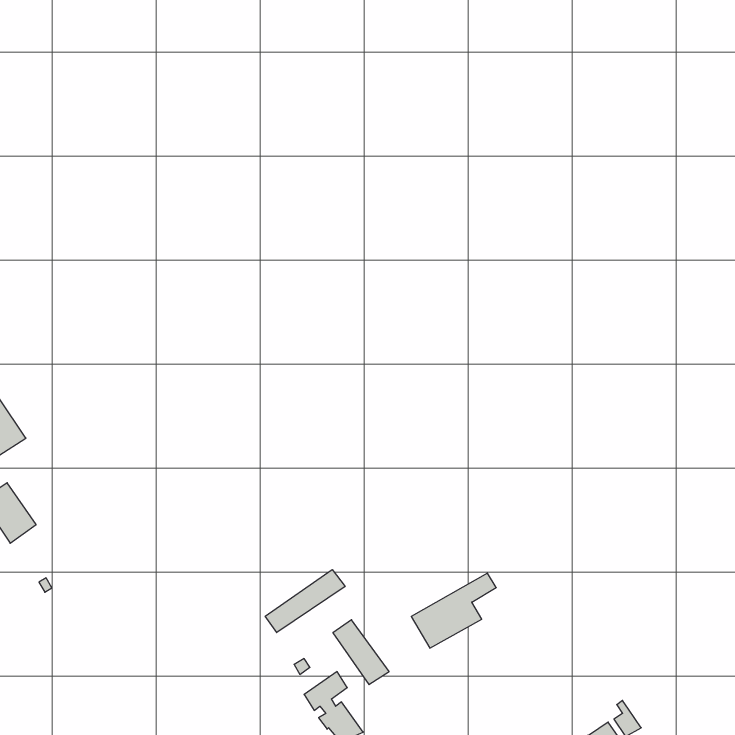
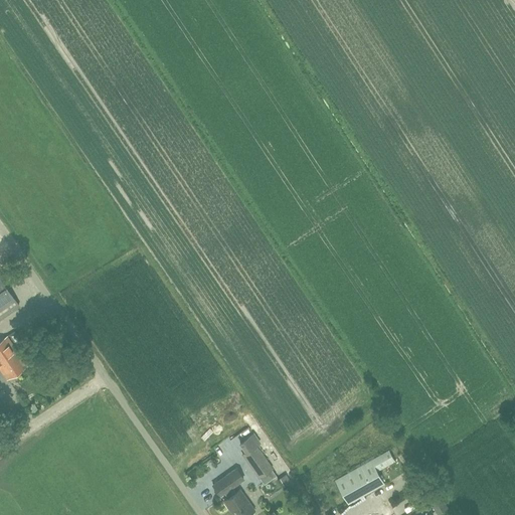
building: [265,570,345,633] -> none
building: [411,573,496,648] -> [335,452,394,504]

